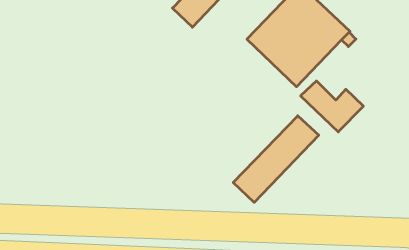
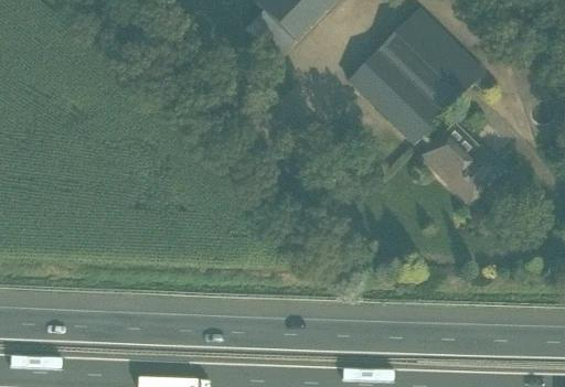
building: [233,116,319,202] -> none

